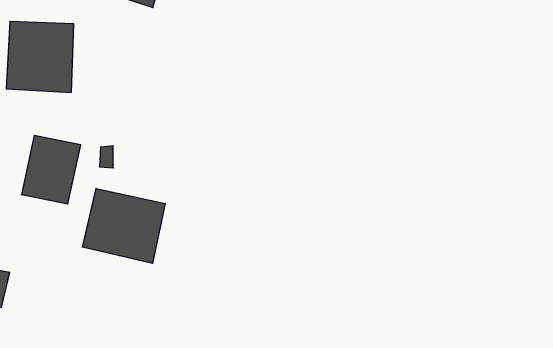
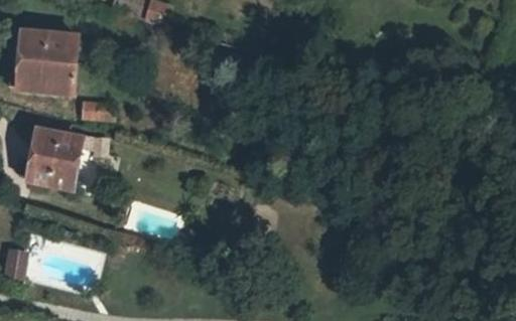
building: [82,188,165,263] -> none

